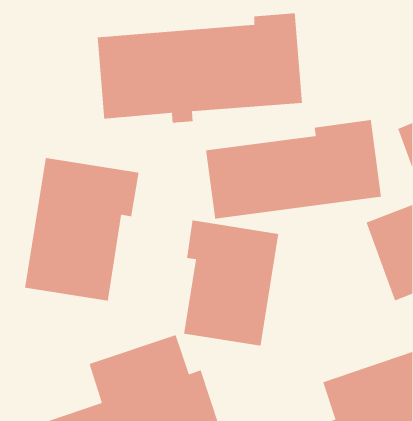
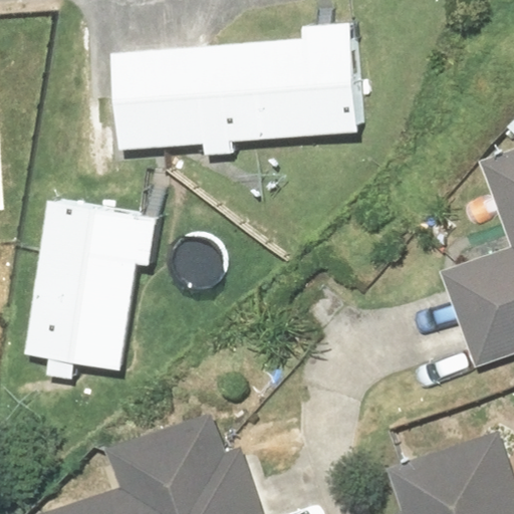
building: [205,119,382,219] -> none
building: [183,219,279,347] -> none

